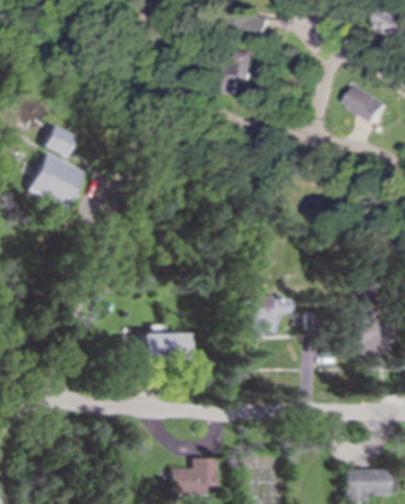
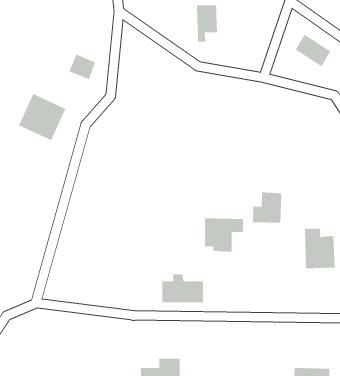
building: [42,125,73,154] -> [69,54,96,80]
building: none -> [253,192,282,224]
building: [137,324,186,358] -> [161,274,204,303]

